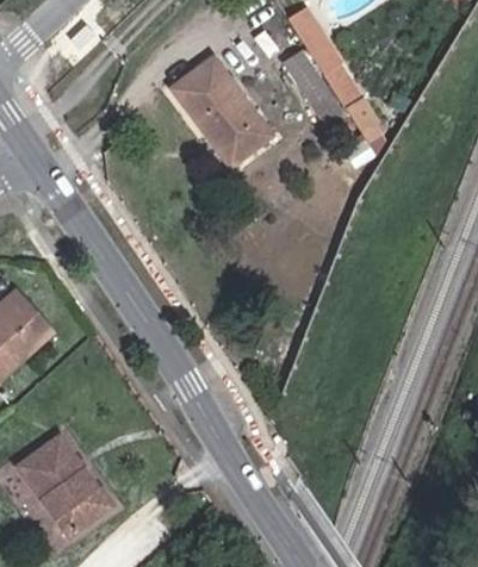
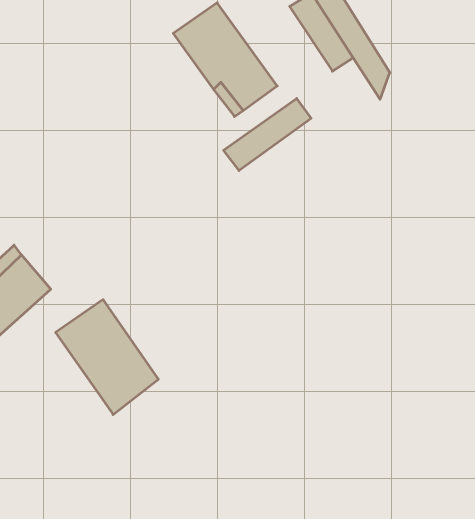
building: none -> [224,98,311,171]
building: [14,432,114,544] -> [56,300,158,415]

